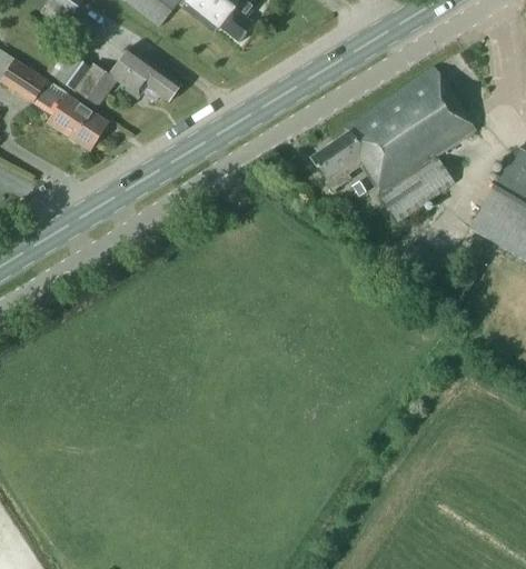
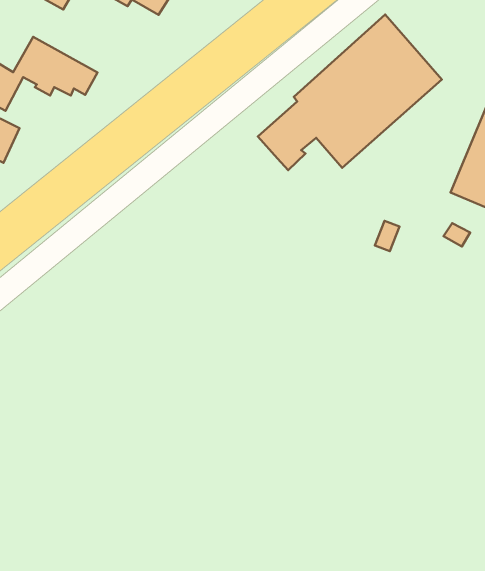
building: [383,159,453,220] -> none

